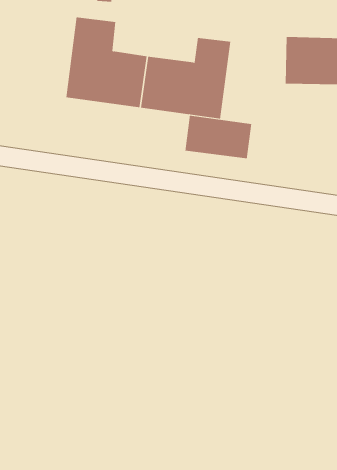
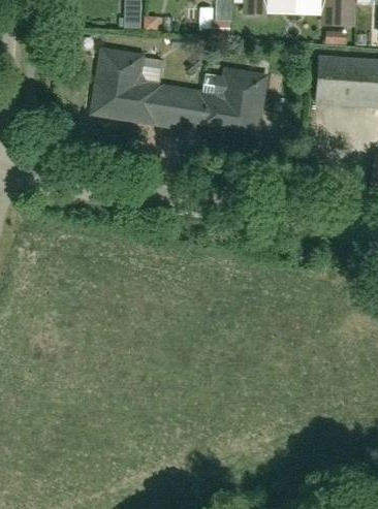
building: [185,115,252,159] -> none

